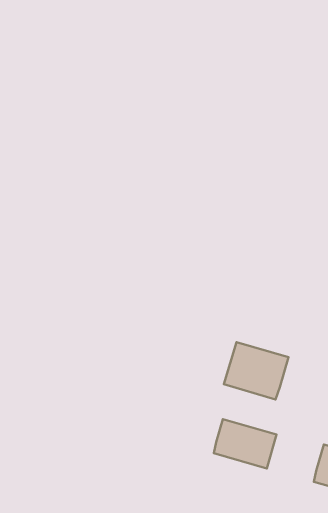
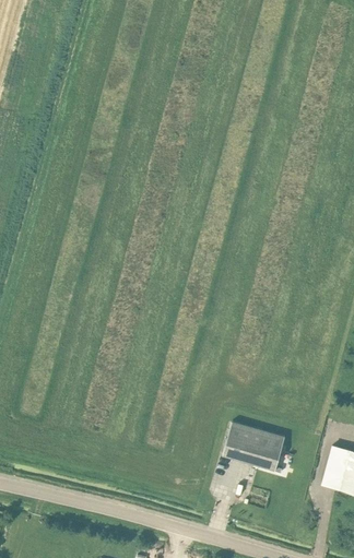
building: [224,342,288,399] -> none

